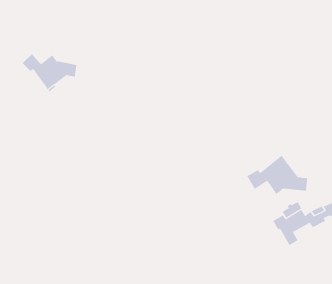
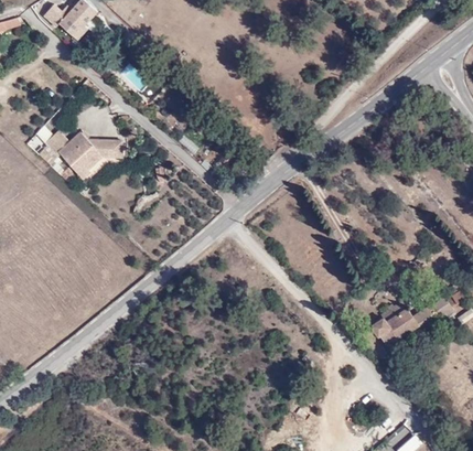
building: [247,155,308,195] -> none

